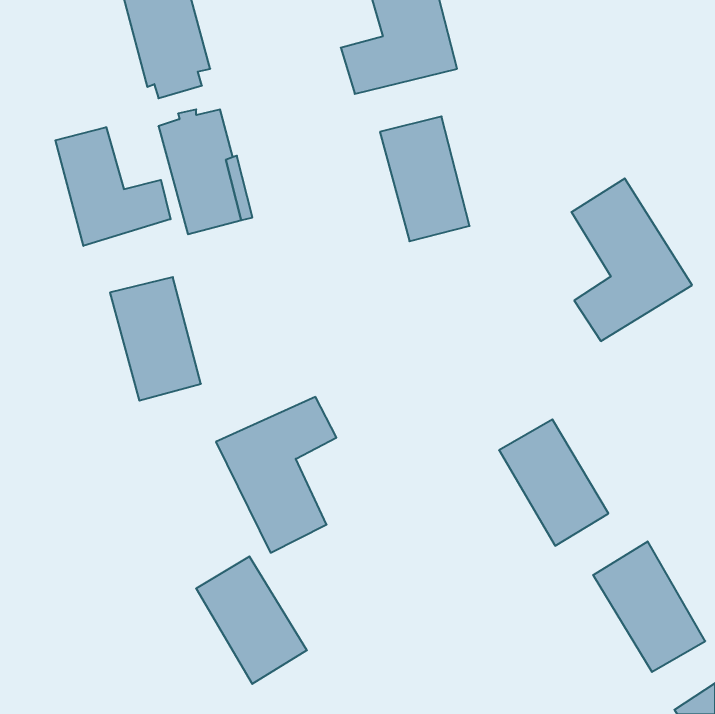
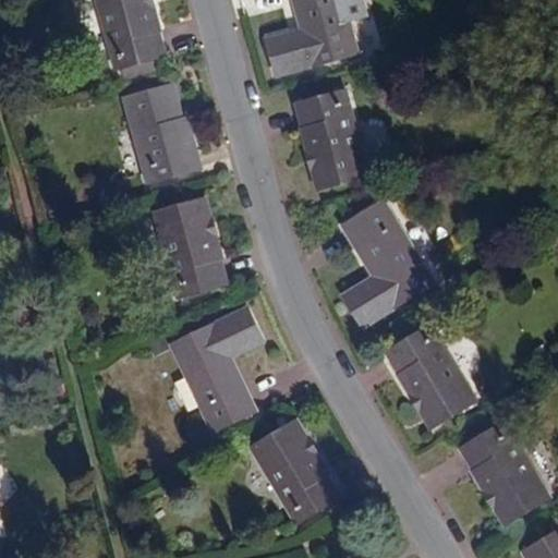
building: [55,127,171,246] -> none
building: [571,178,692,341] -> [341,201,435,327]
building: [110,277,201,401] -> [154,199,225,295]
building: [196,556,307,684] -> [252,422,338,521]

